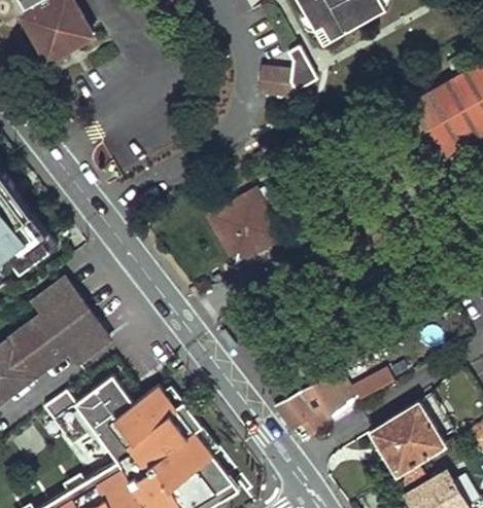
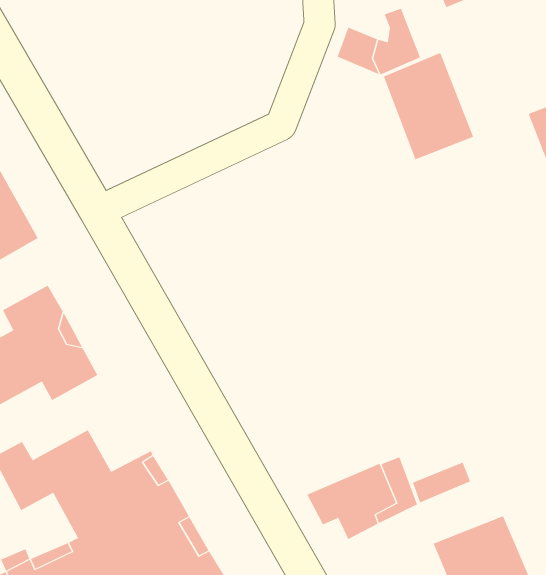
building: none -> [383,52,474,160]
building: [209,199,282,265] -> none

